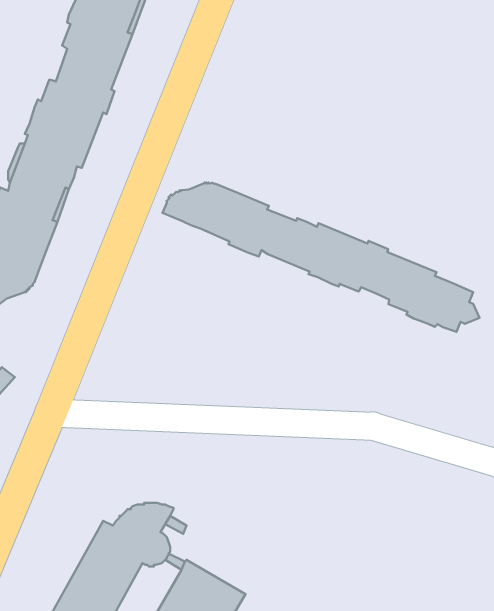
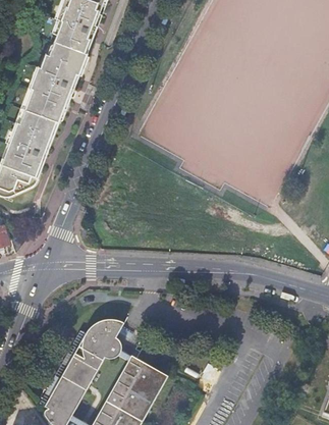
building: [163,183,479,332] -> none

